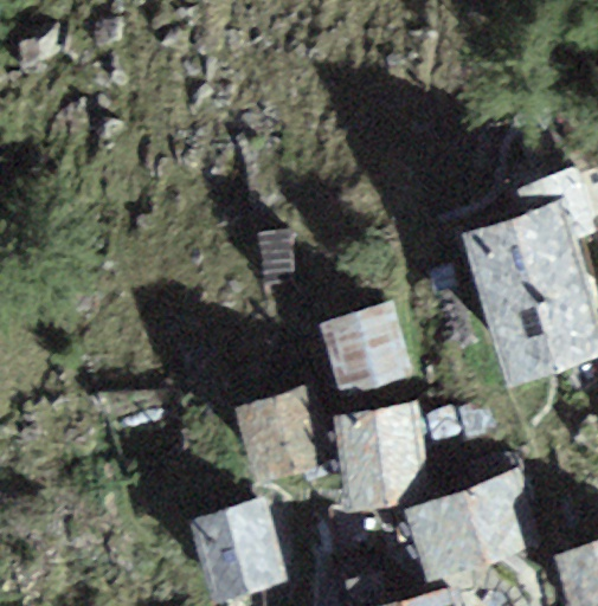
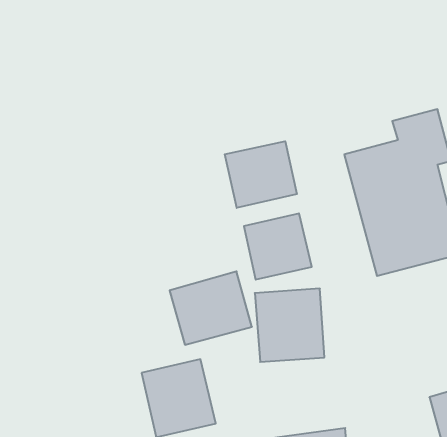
building: none -> [225,141,297,208]
building: [404,479,539,582] -> none

